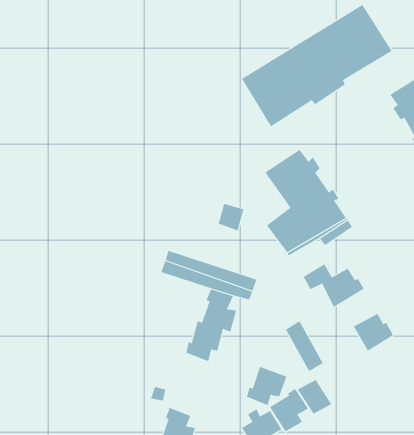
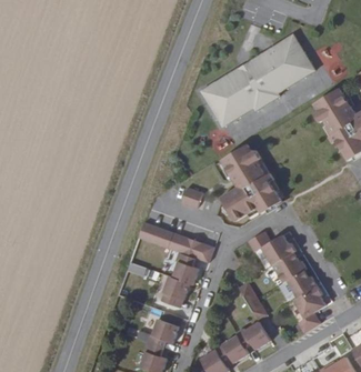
building: none -> [271,252,305,283]
building: none -> [293,286,325,332]
building: [246,366,287,406] -> [147,318,178,348]

